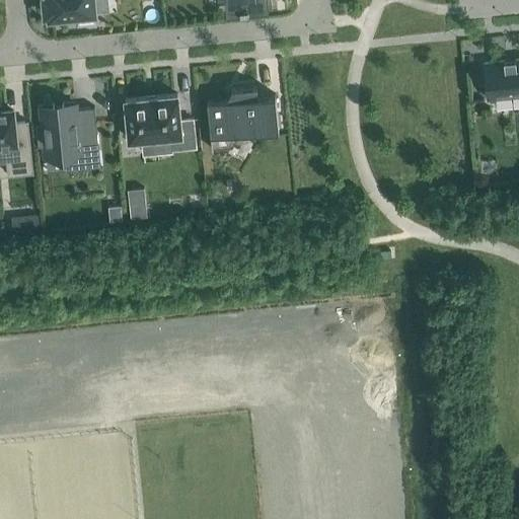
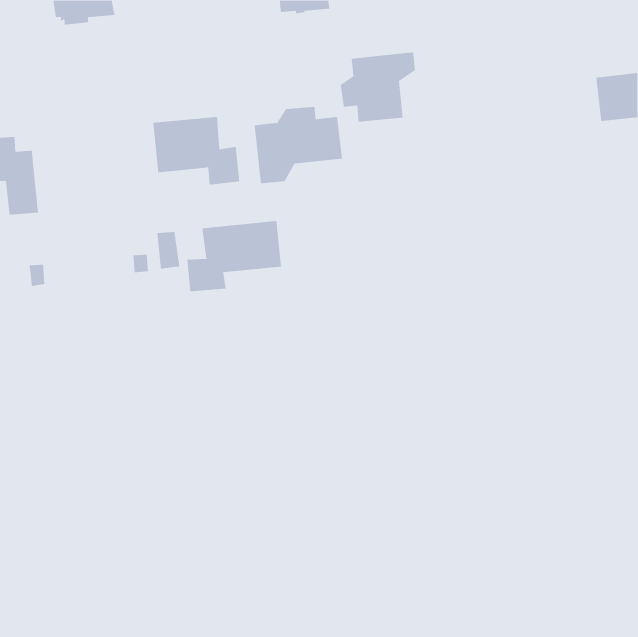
building: none -> [340,51,416,122]
building: [34,106,99,171] -> none
building: none -> [187,220,281,292]

